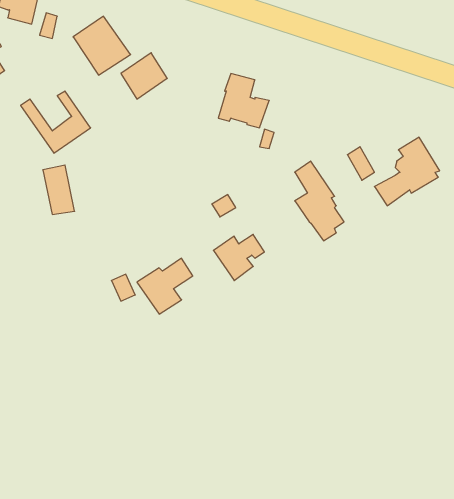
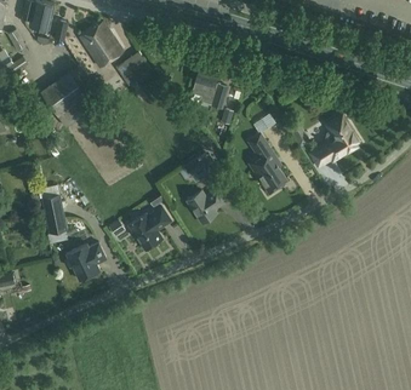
building: [43,165,75,214] -> [42,194,67,231]
building: none -> [67,241,107,279]

